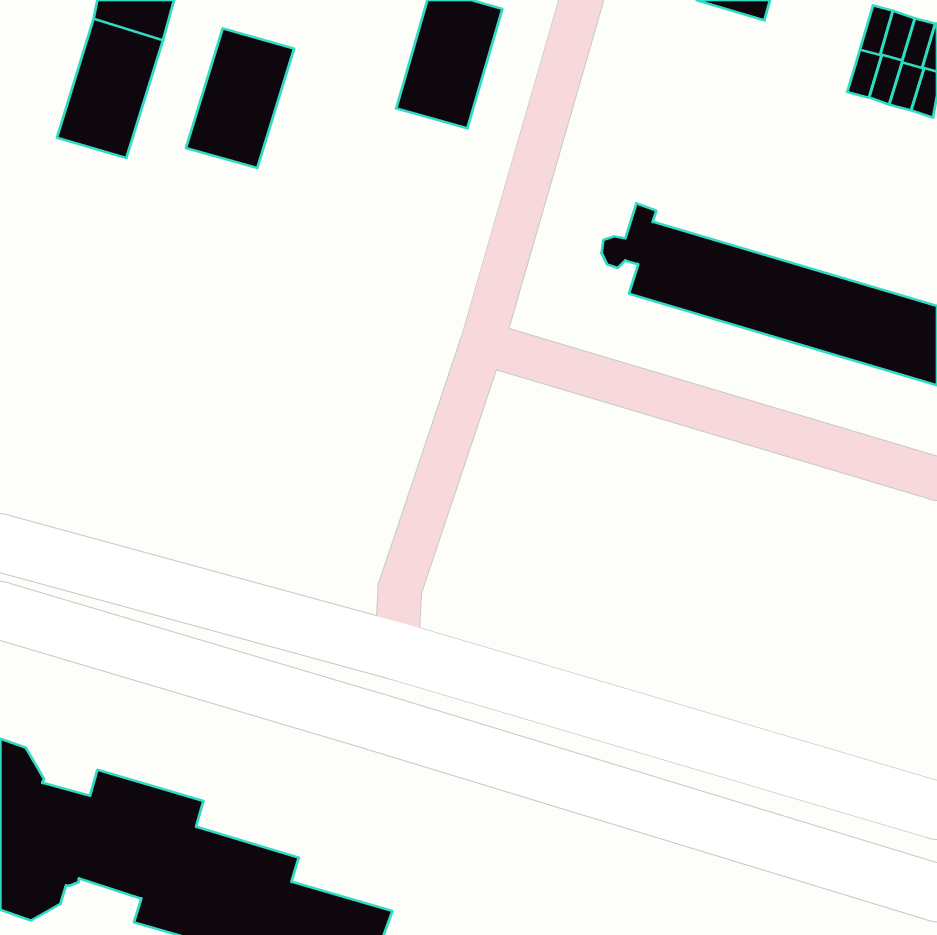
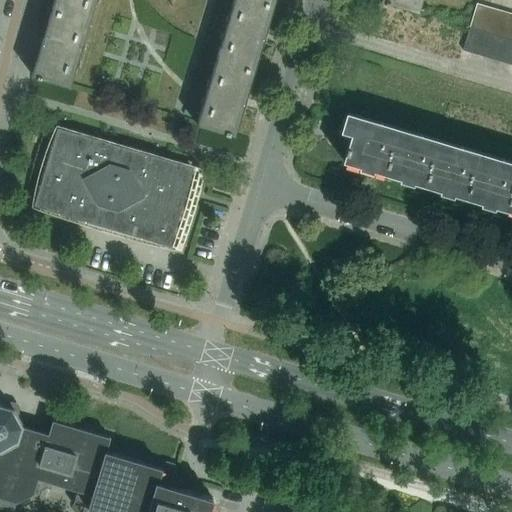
building: [186,29,294,168] -> [196,60,255,136]
building: none -> [35,129,192,246]

